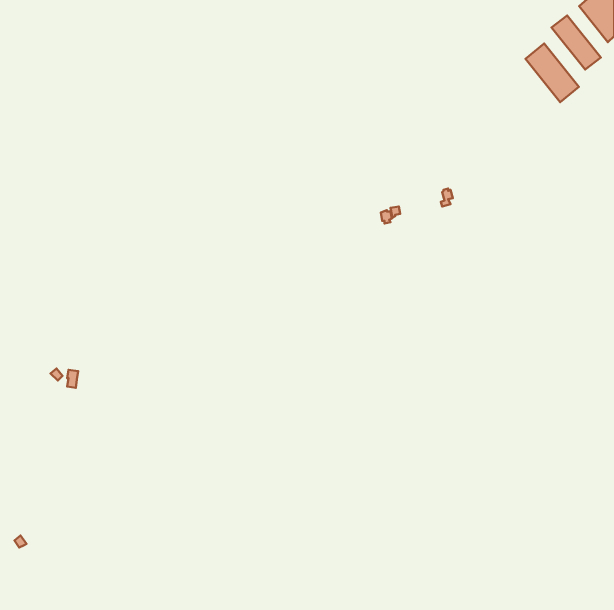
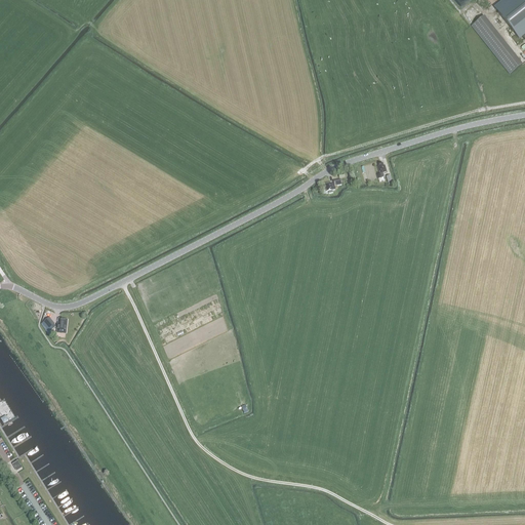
building: [526,43,579,102] -> none

